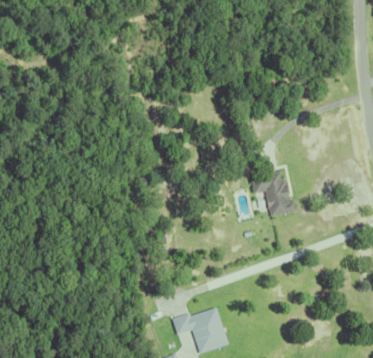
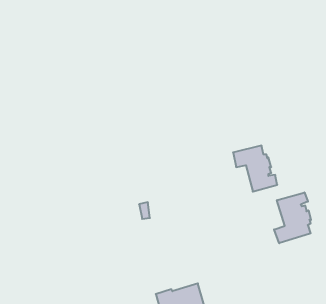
building: none -> [274,192,311,243]

